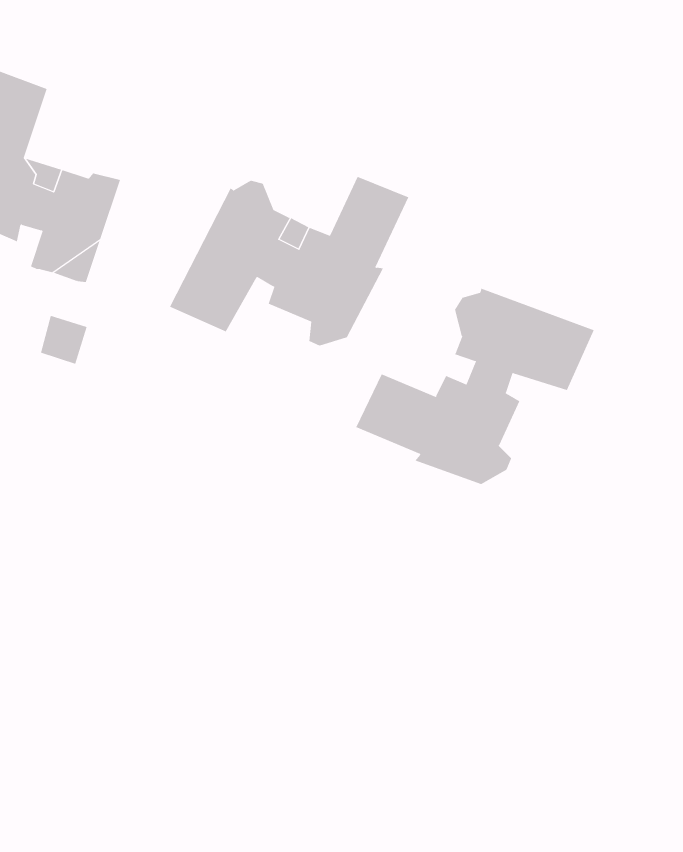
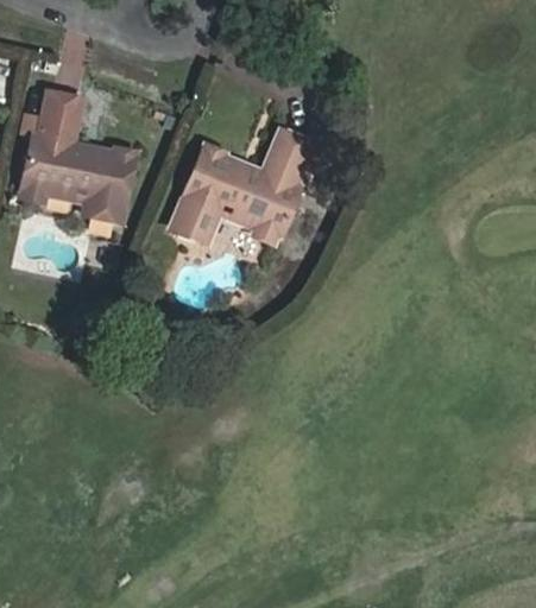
building: [356,288,594,485] -> none

